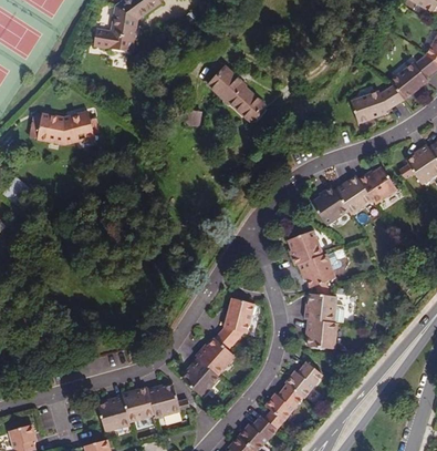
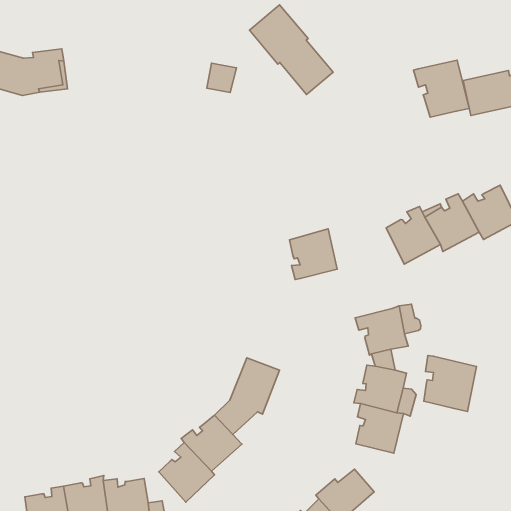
building: none -> [413,60,469,117]
building: [288,229,321,265] -> [289,229,337,279]
building: none -> [424,355,476,411]

